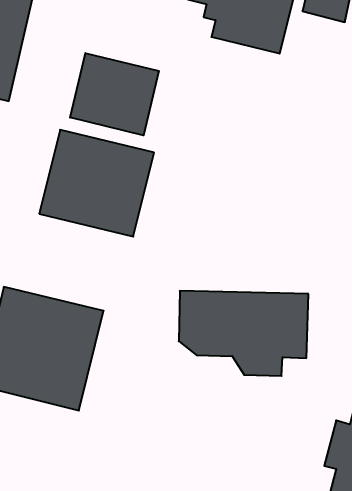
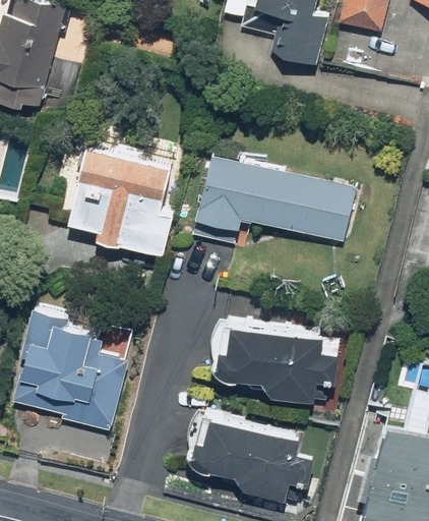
building: [70,53,159,135] -> none
building: none -> [195,155,353,247]
building: none -> [182,411,317,502]

